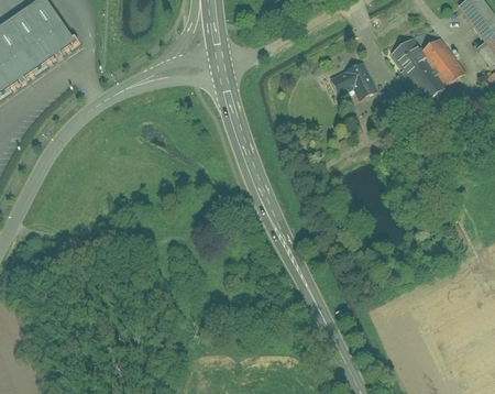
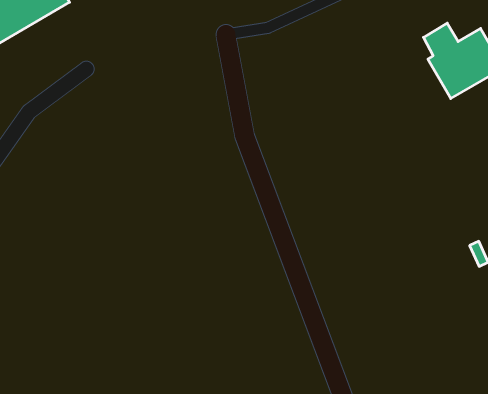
building: [323,56,369,92] -> none

